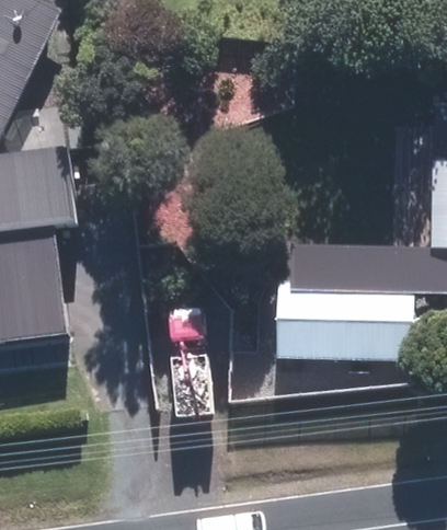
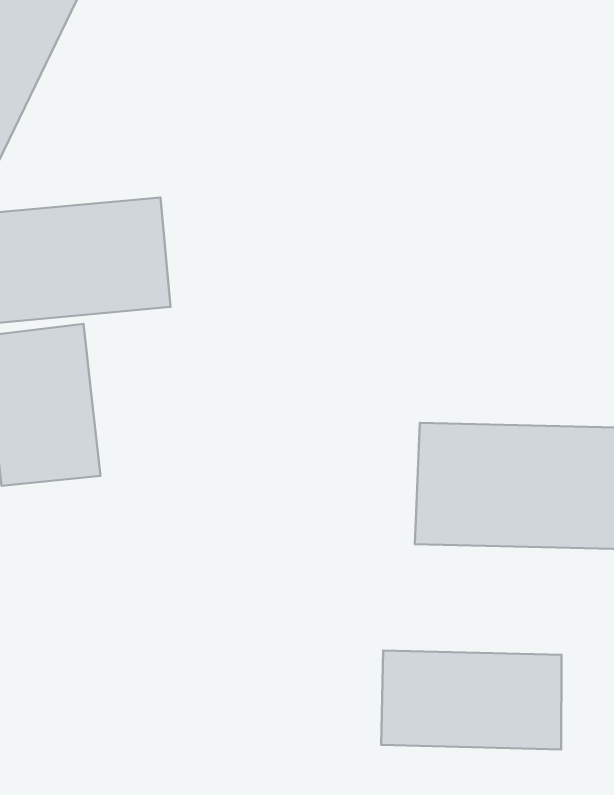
building: none -> [381,651,562,749]

